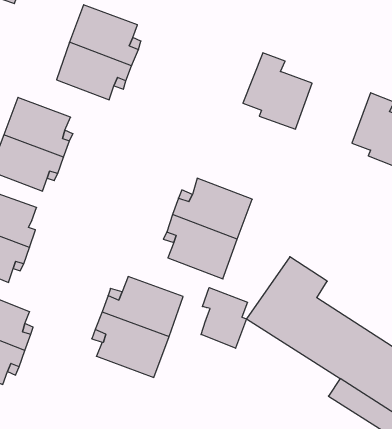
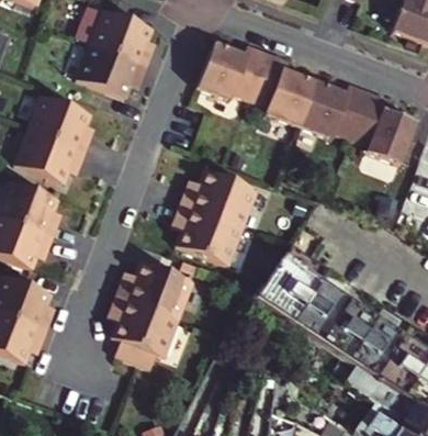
building: none -> [195,43,268,100]
building: none -> [299,81,369,137]
building: [201,288,248,348] -> none

